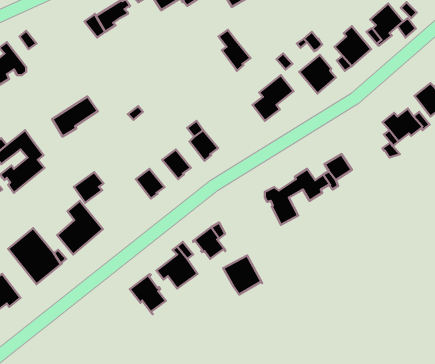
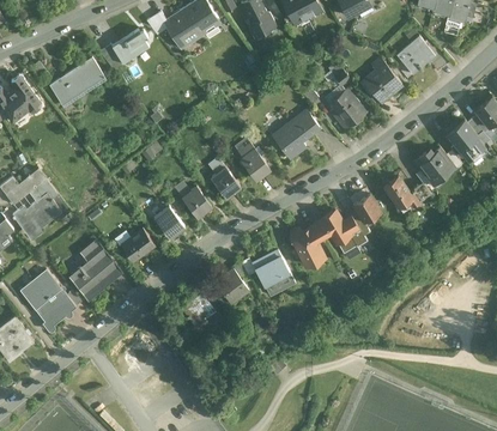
building: [219,30,251,71] -> [237,139,271,182]
building: [52,96,98,136] -> [51,61,99,103]
building: none -> [383,174,418,206]
building: [74,172,103,203] -> [121,230,152,262]
building: [223,256,262,294] -> [253,251,293,292]
building: [130,274,166,314] -> none

